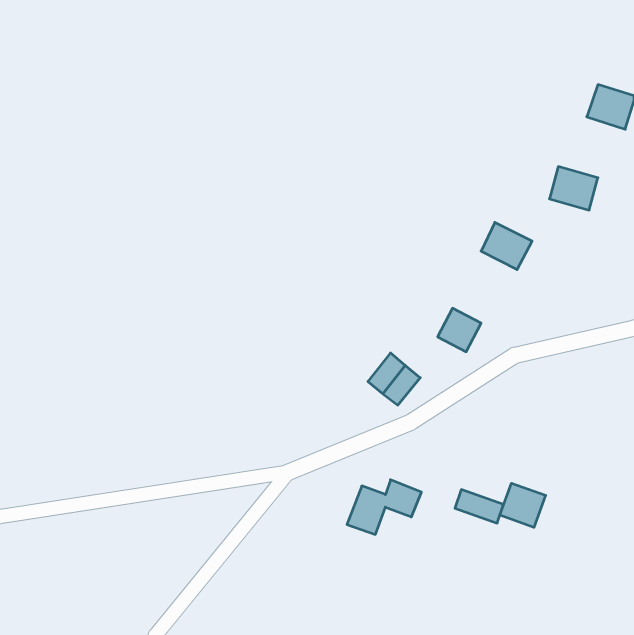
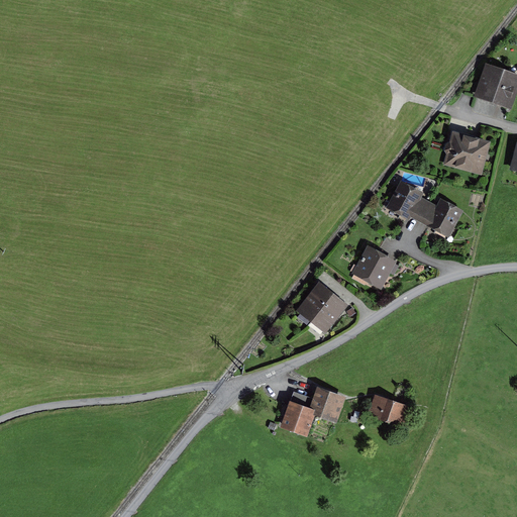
building: none -> [420,196,461,234]
building: [500,483,546,527] -> none

